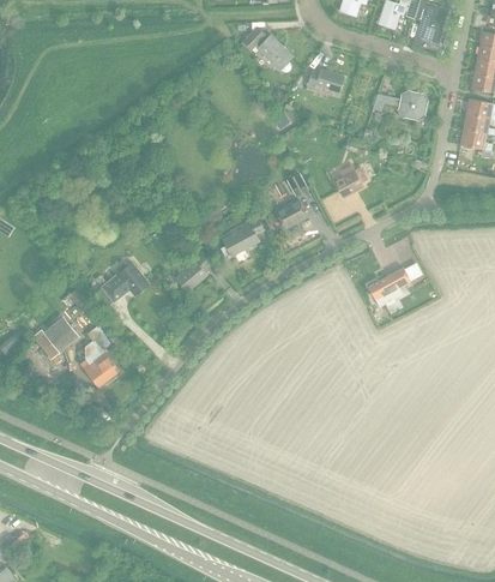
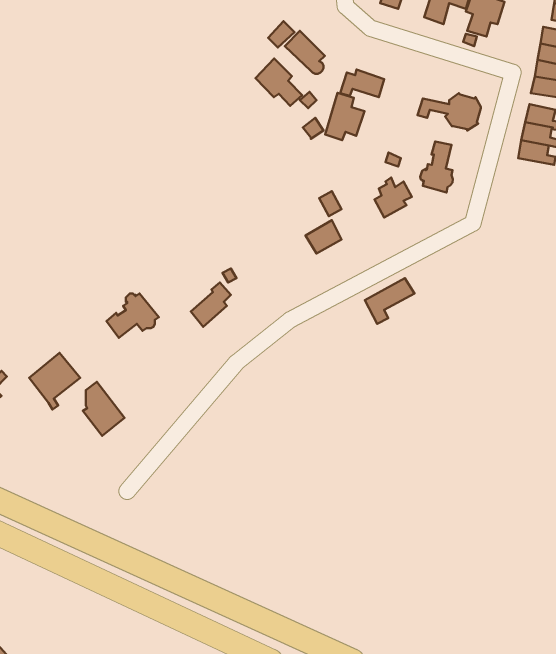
building: none -> [255,59,302,106]
building: none -> [325,93,364,140]
building: none -> [420,141,453,192]
building: [218,216,261,256] -> none
building: [366,266,409,306] -> [365,278,414,324]

